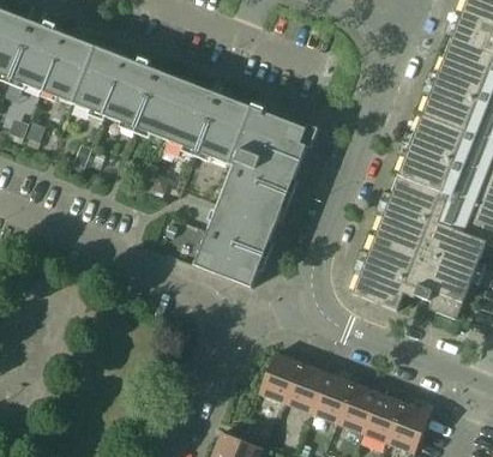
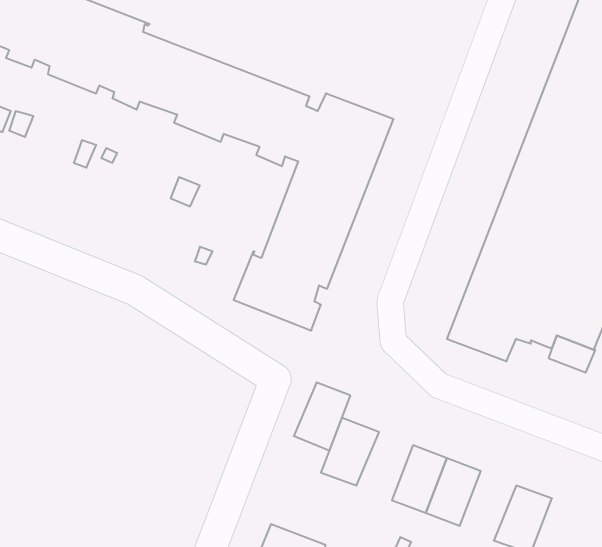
building: [285,362,327,413] -> [294,383,350,450]
building: [362,391,404,443] -> none

